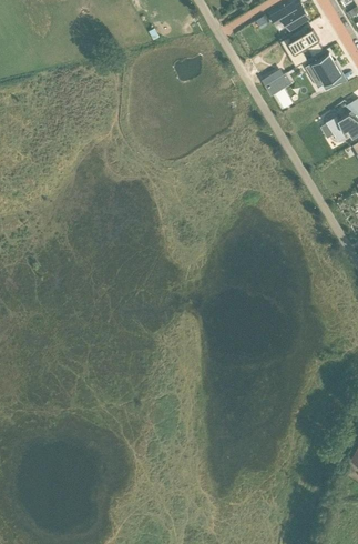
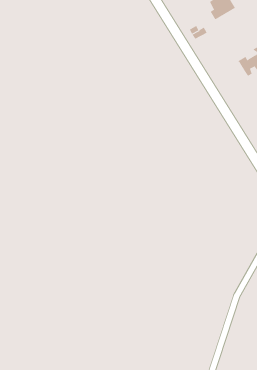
building: [311,53,341,91] -> none

